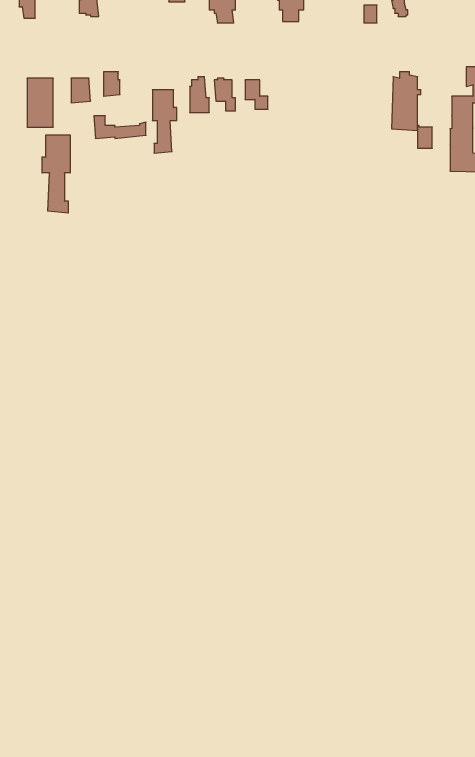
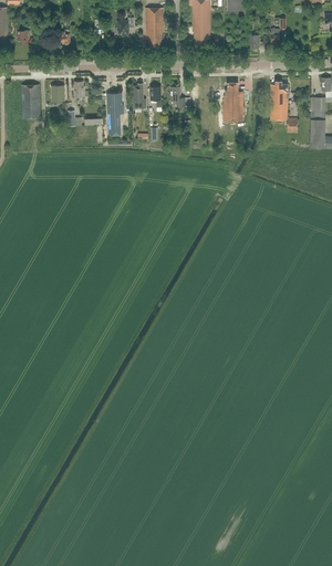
building: none -> [222,82,242,120]
building: [42,135,70,213] -> none

